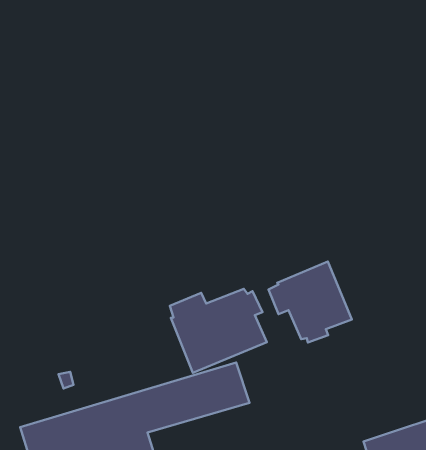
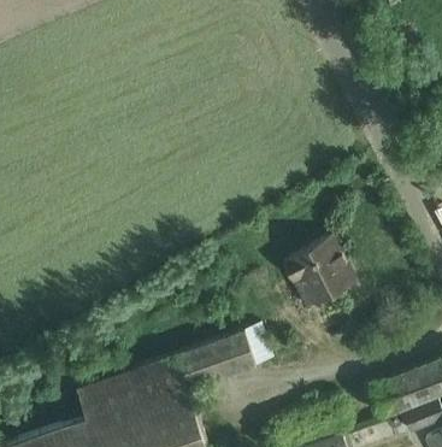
building: [170,289,267,373] -> none

